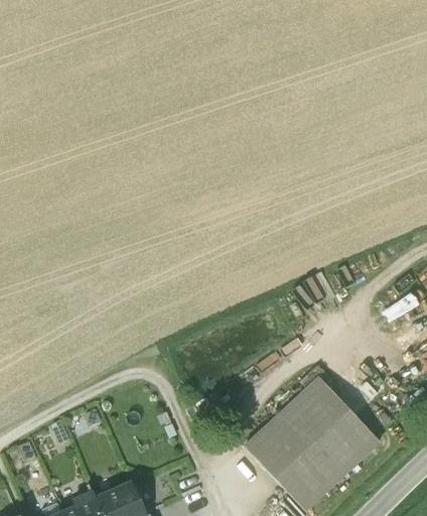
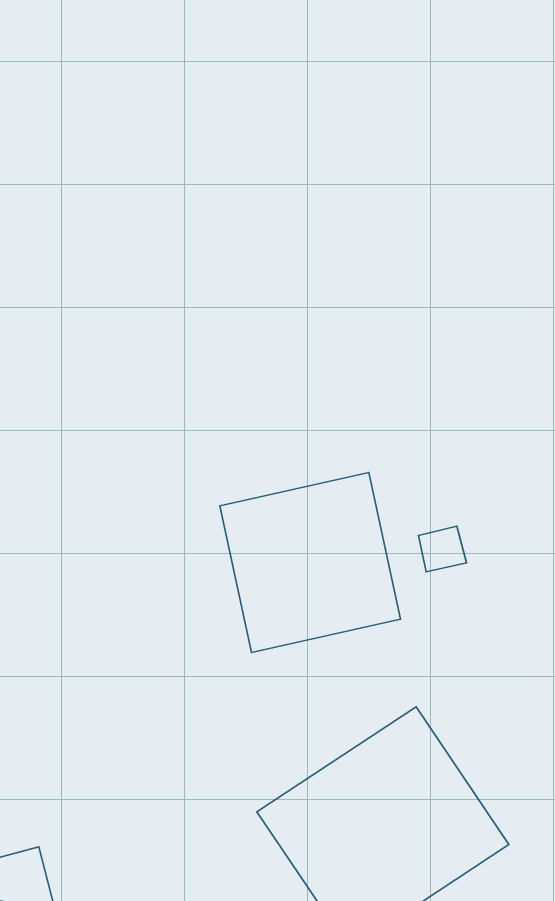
building: none -> [220,472,400,652]

